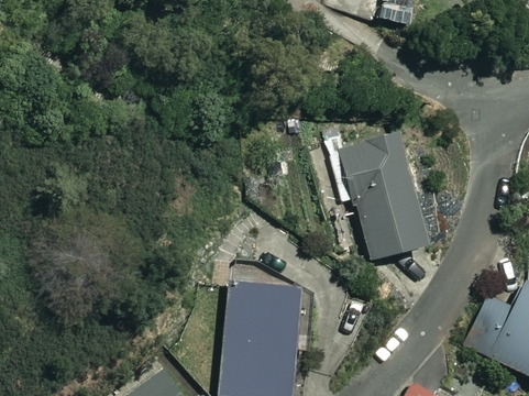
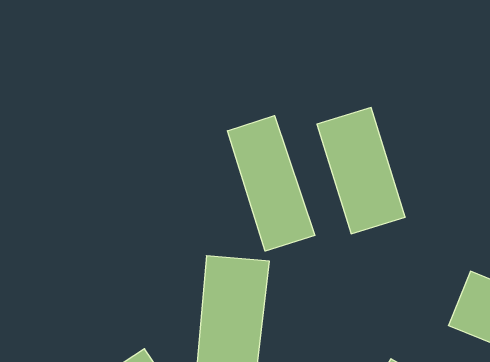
building: none -> [227,116,315,251]

